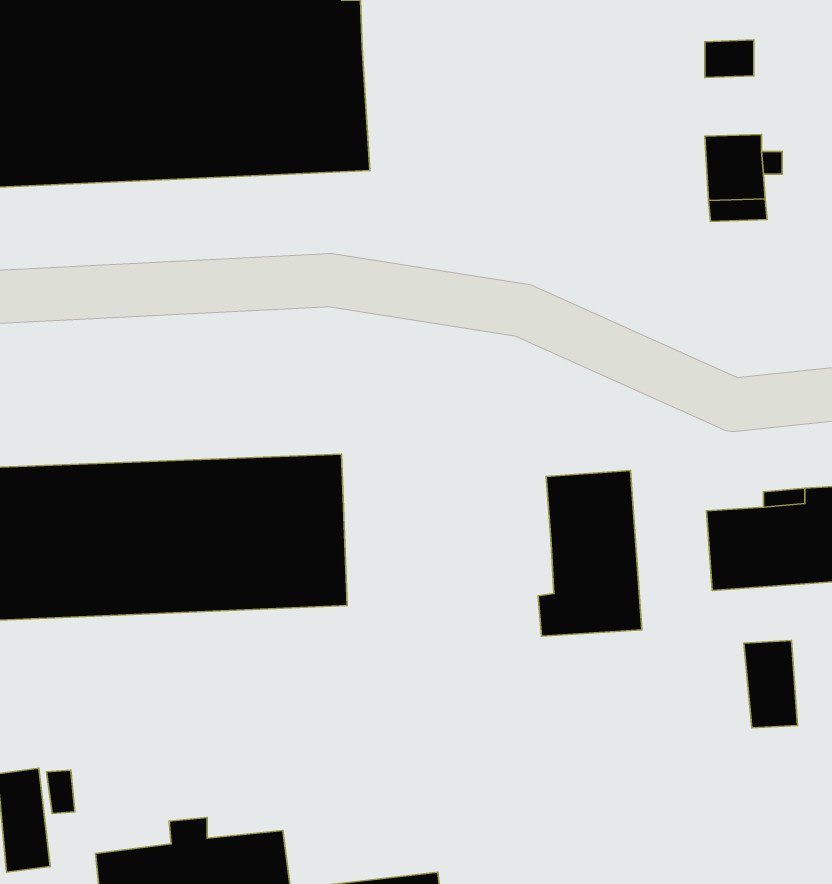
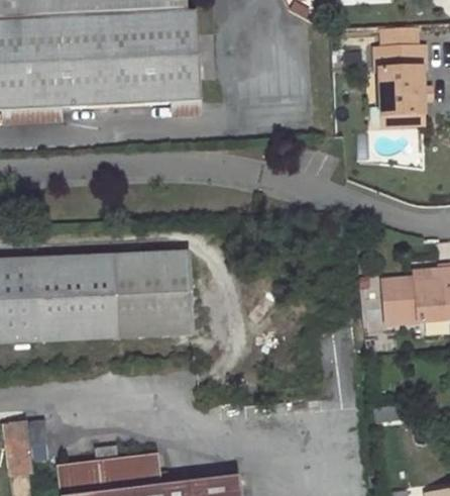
building: none -> [373,51,416,83]
building: [538,471,642,636] -> none
building: [744,640,798,728] -> none

